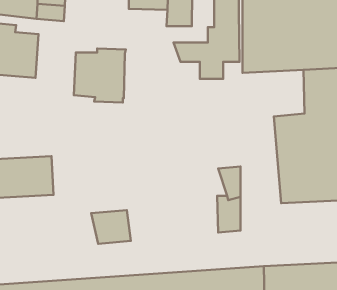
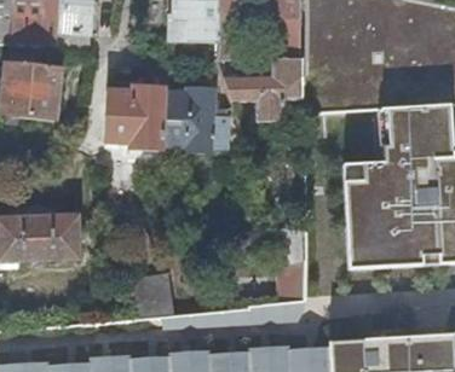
building: none -> [163,86,229,151]

